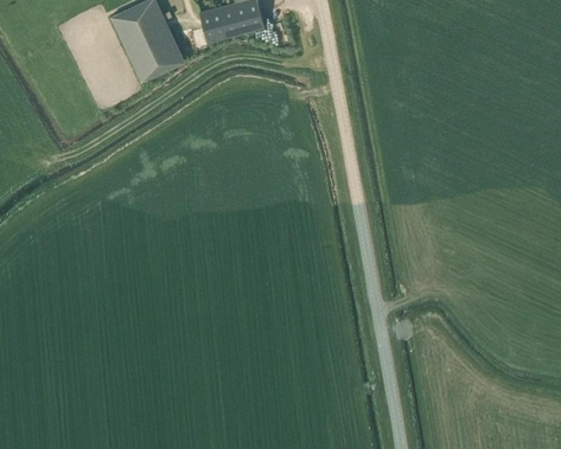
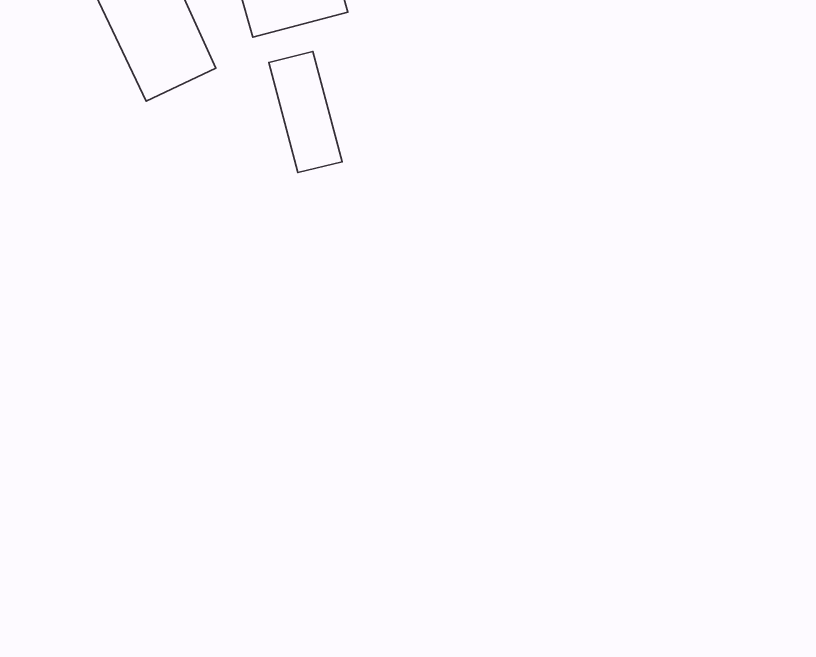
building: none -> [269,52,342,173]

